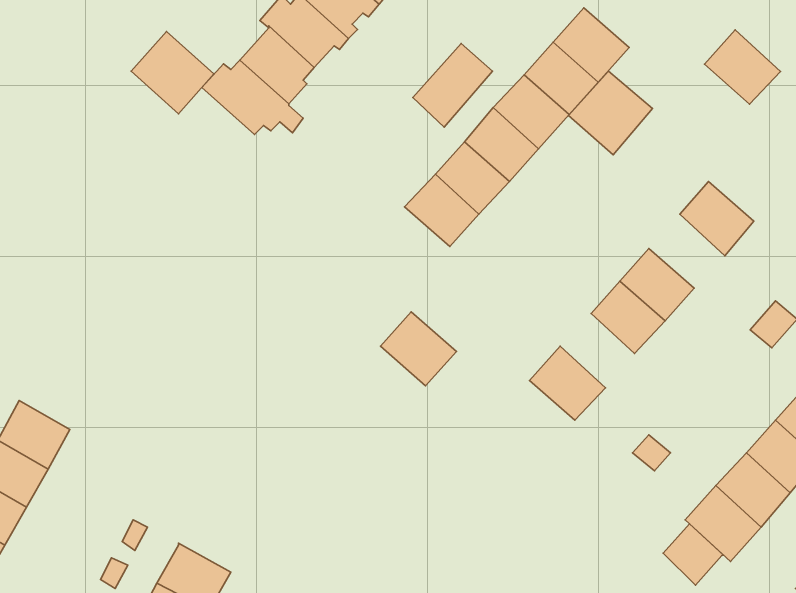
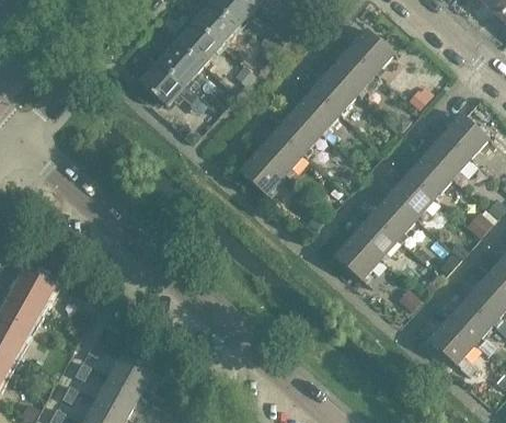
building: [704,30,780,104] -> [442,113,488,158]
building: [131,31,214,114] -> none
building: [413,43,493,127] -> none
building: [569,71,653,155] -> none
building: none -> [406,153,452,198]
building: [380,312,456,386] -> [240,149,286,194]
building: none -> [353,214,398,259]
building: [663,524,723,585] -> none

